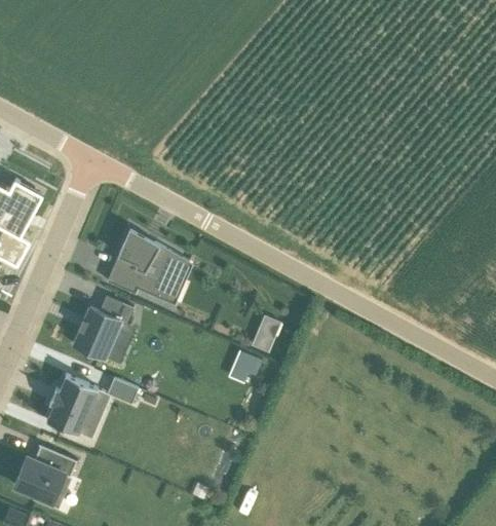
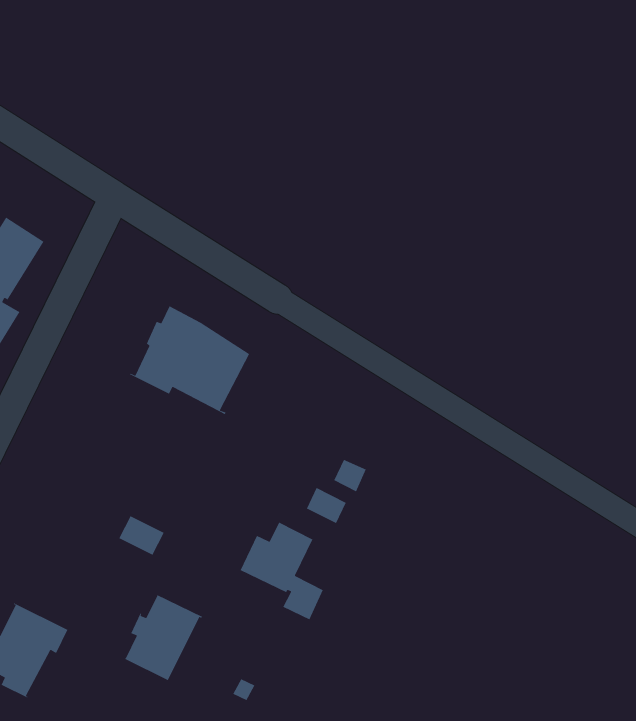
building: [74,295,133,359] -> none
building: [46,375,99,435] -> [124,594,203,682]
building: none -> [239,521,324,620]

